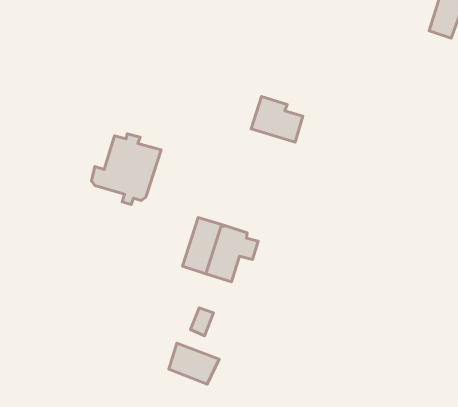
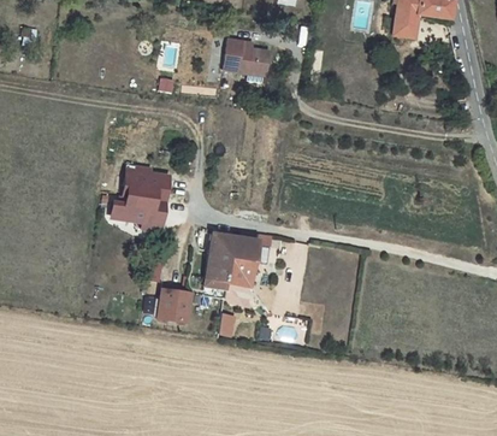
building: [251,96,303,142] -> [224,40,268,76]
building: [169,343,219,384] -> [159,290,202,323]

